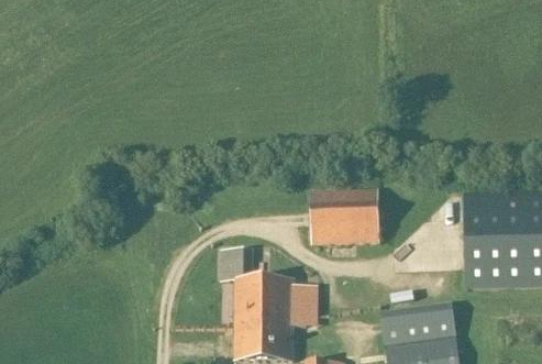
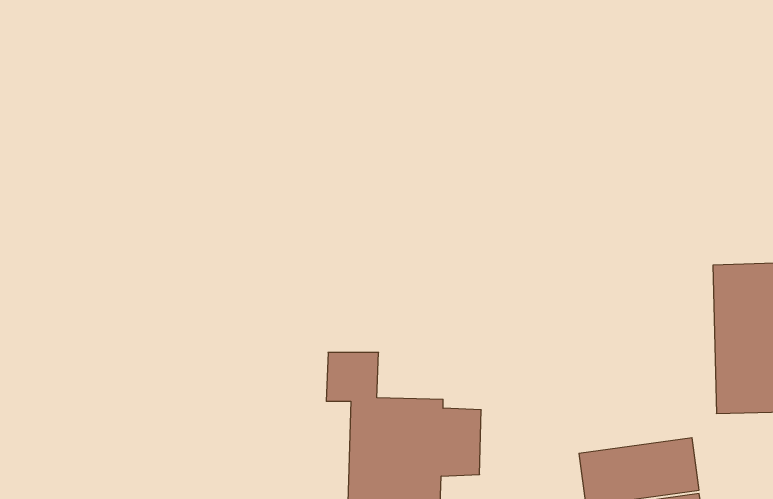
building: [308,188,378,244] -> none

